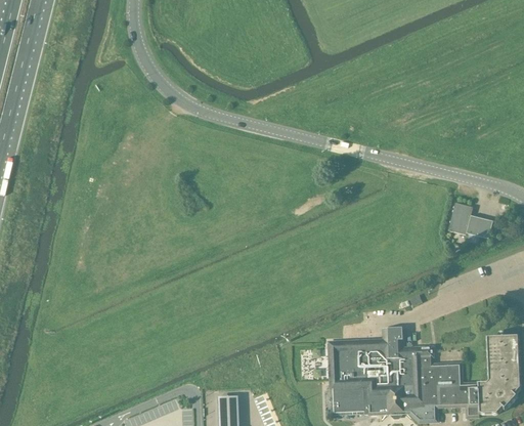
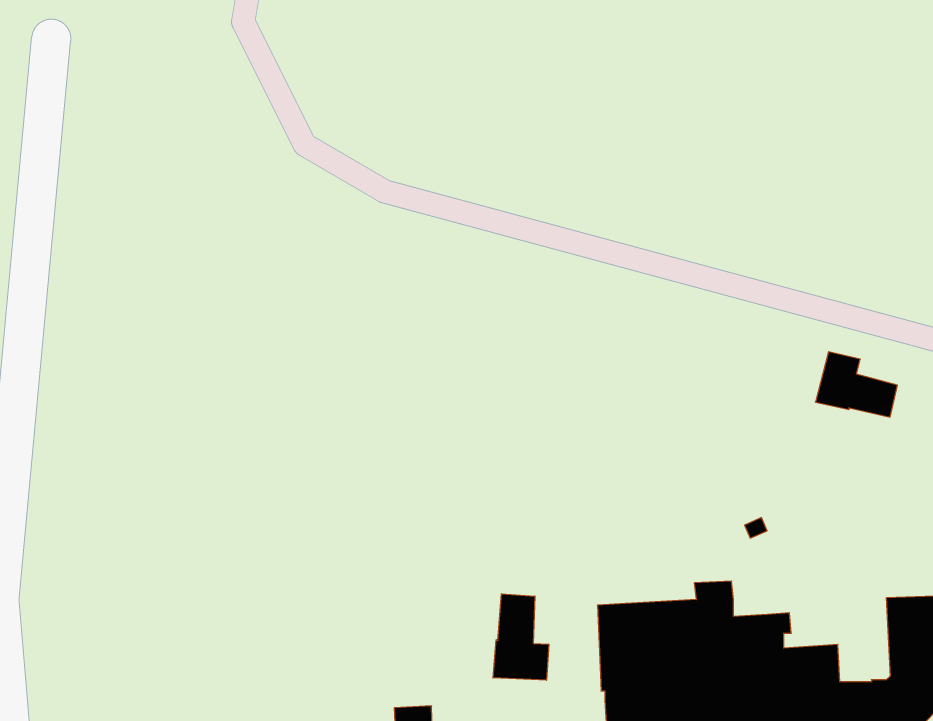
building: none -> [493,594,549,680]

